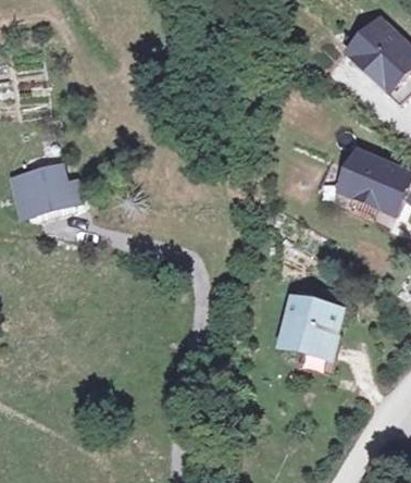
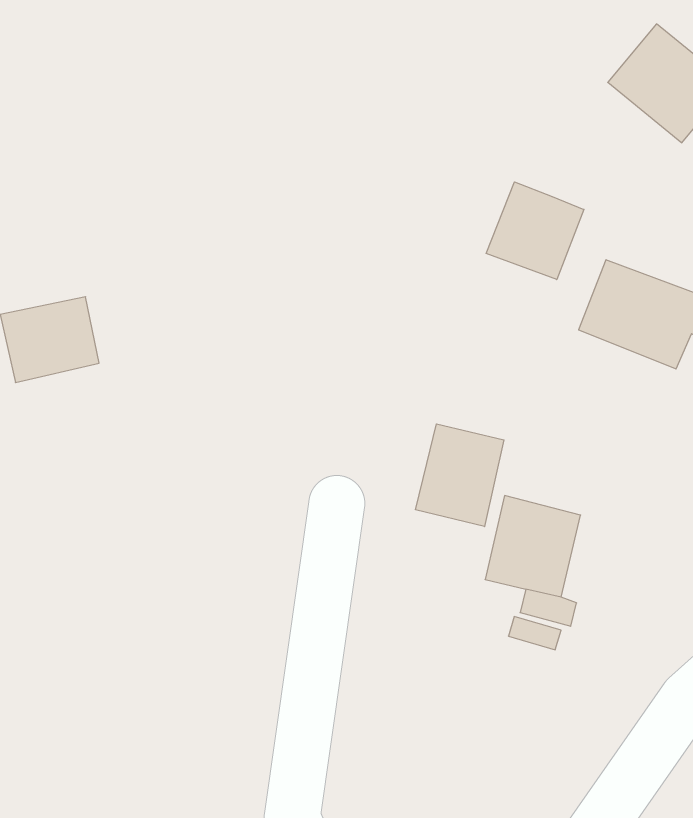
building: none -> [486,182,584,280]
building: none -> [416,424,504,527]

